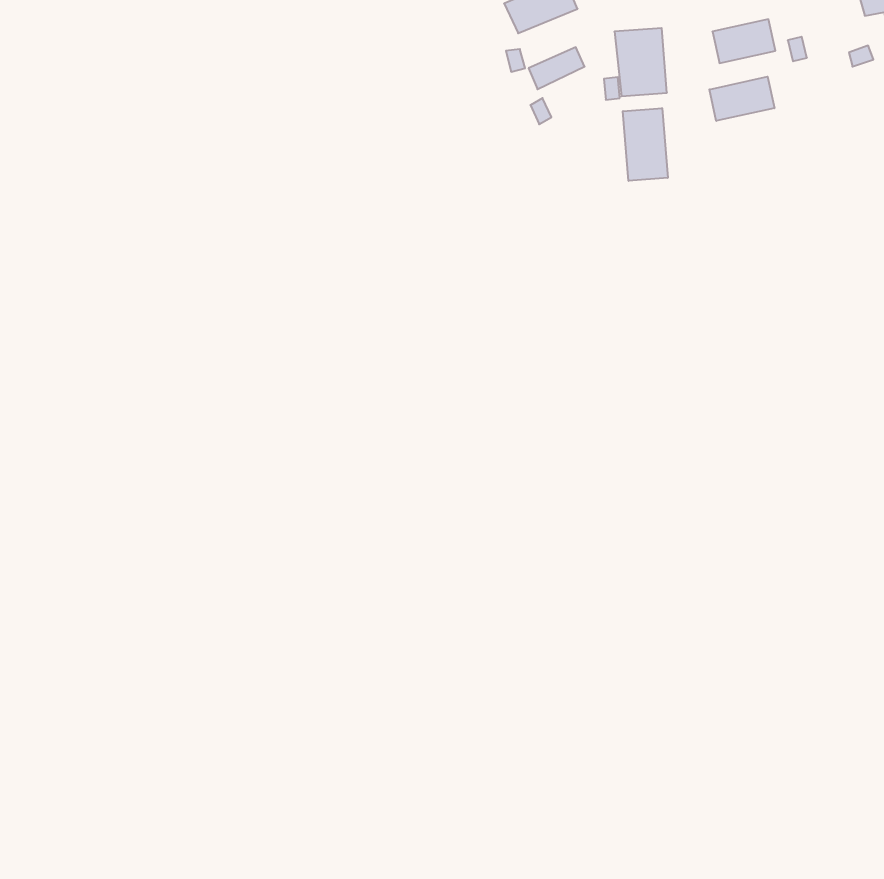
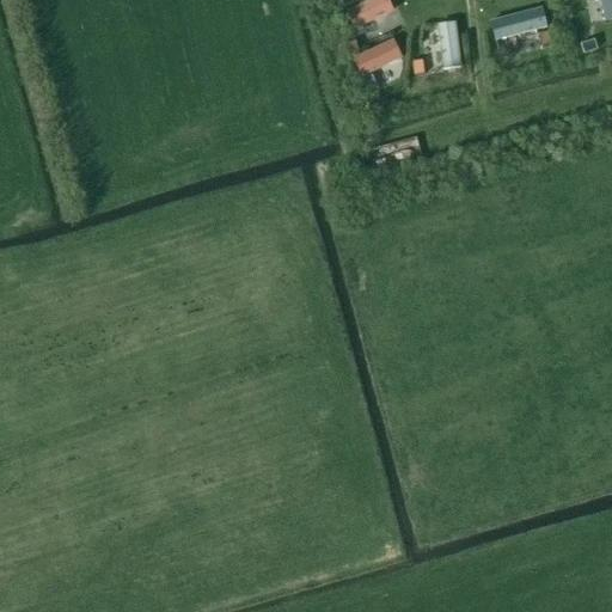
building: [709,77,774,121] -> none
building: [623,108,668,181] -> none

